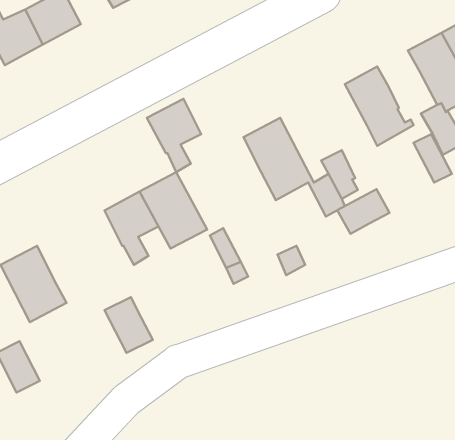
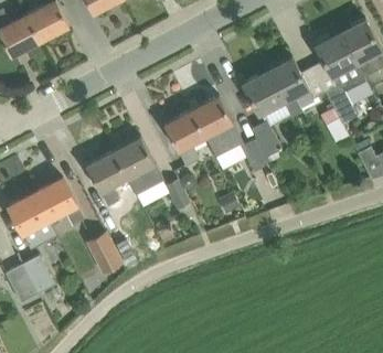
building: none -> [242,71,284,115]
building: [147,99,201,172] -> [163,110,204,165]
building: [337,189,390,234] -> none
building: none -> [35,178,83,225]
building: none -> [22,255,55,293]

